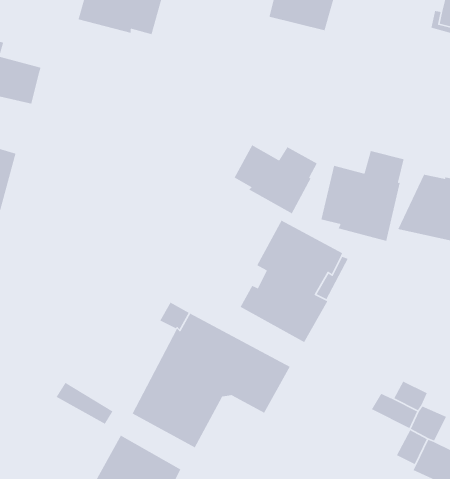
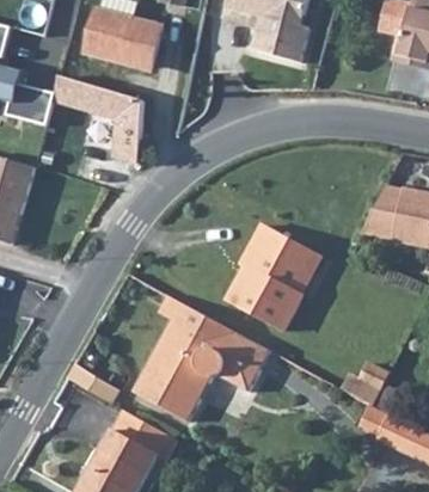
building: none -> [53,75,142,164]
building: [233,144,318,215] -> none
building: [320,150,404,242] -> none

